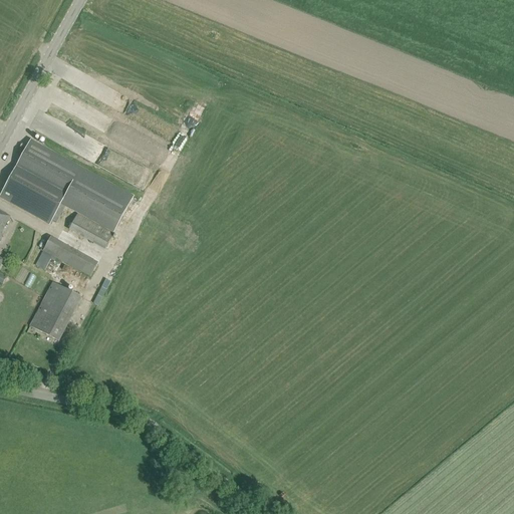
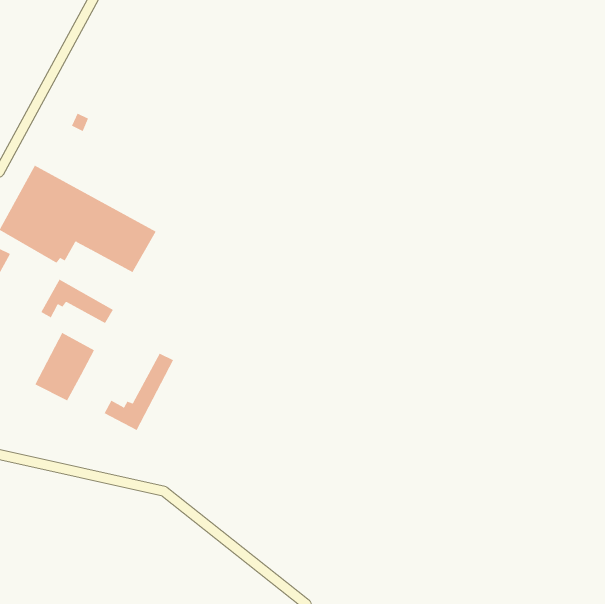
building: [69,212,112,246] -> none
building: none -> [104,353,174,431]

